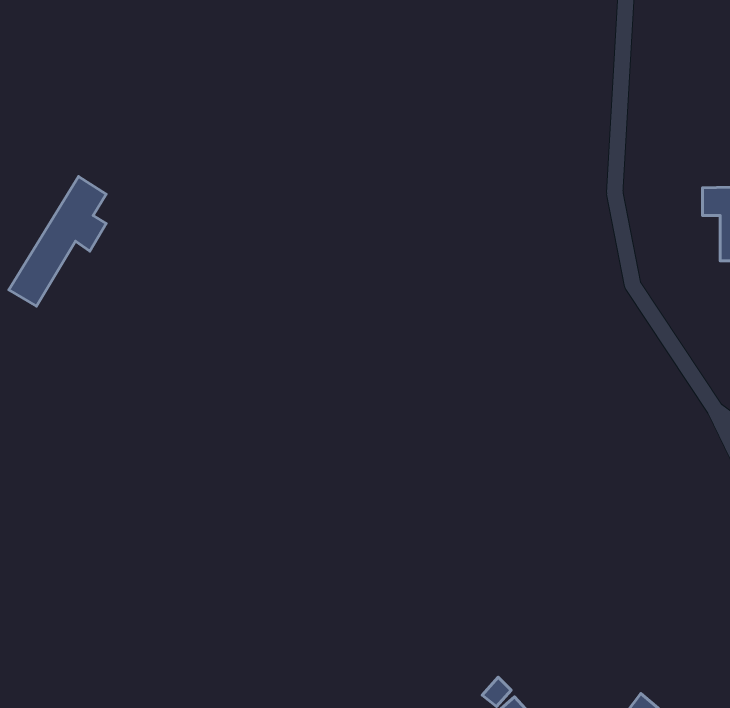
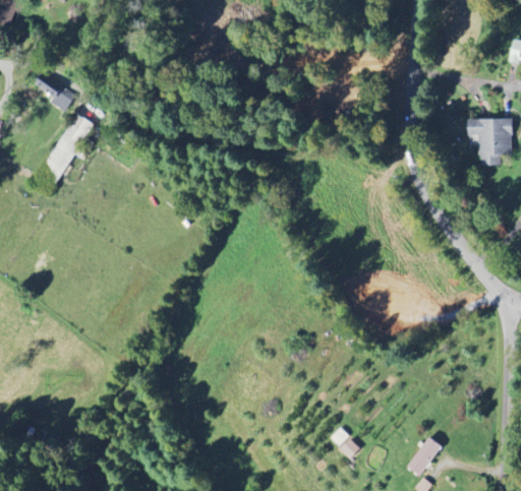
building: none -> [35,70,76,111]

